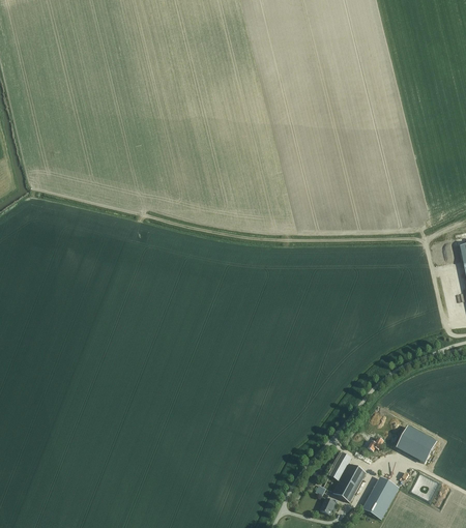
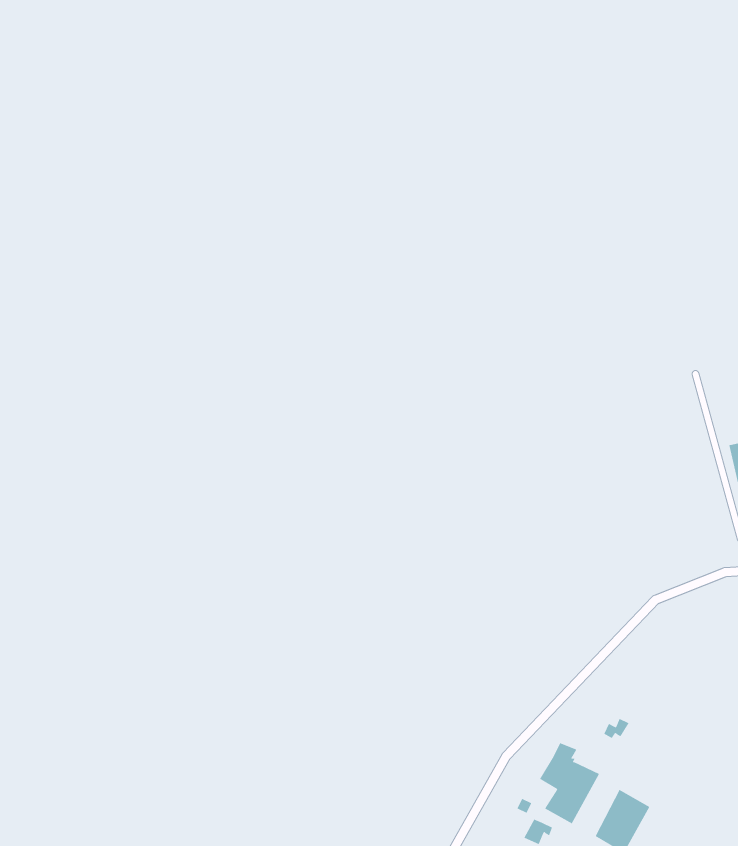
building: [399,426,433,459] -> none

